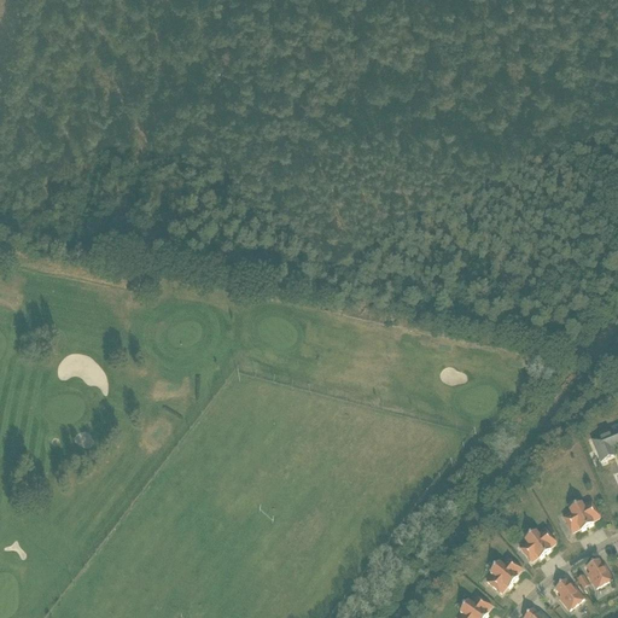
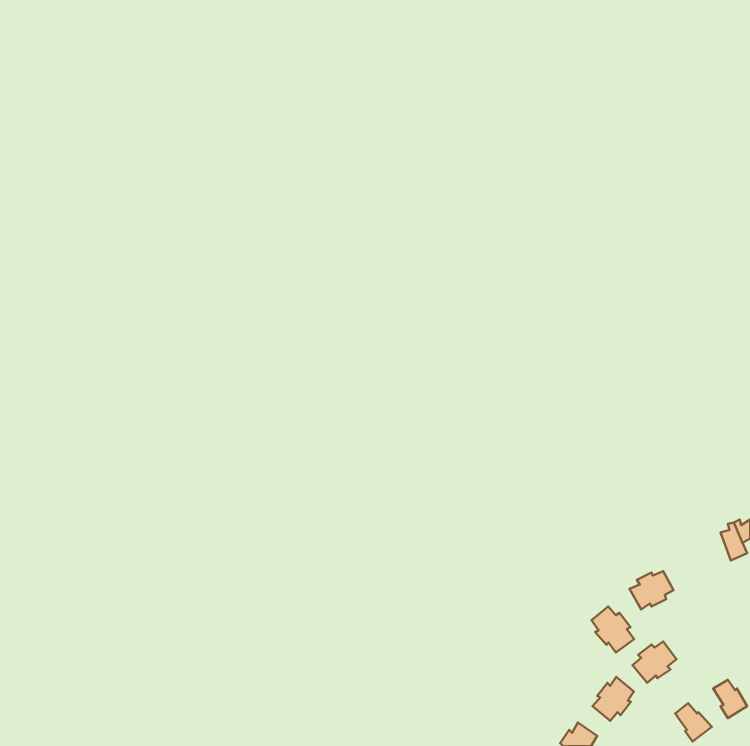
building: none -> [591,607,634,652]
building: [562,500,599,531] -> [629,571,674,609]

